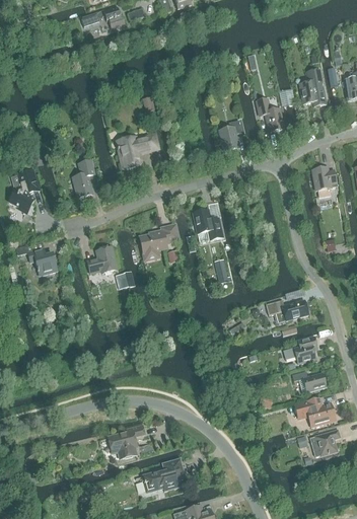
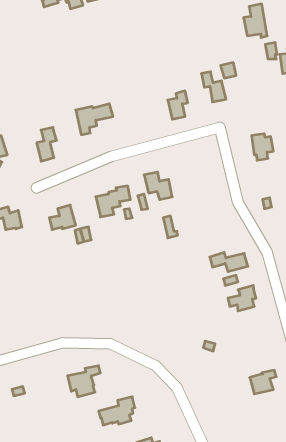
building: [299,68,326,105] -> [244,4,267,38]
building: [292,371,326,392] -> none
building: [293,397,335,427] -> none

